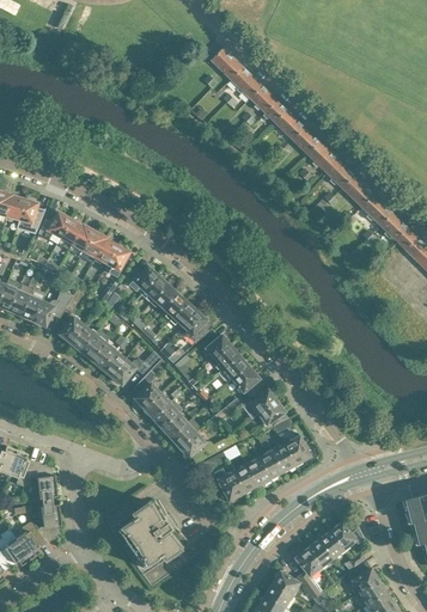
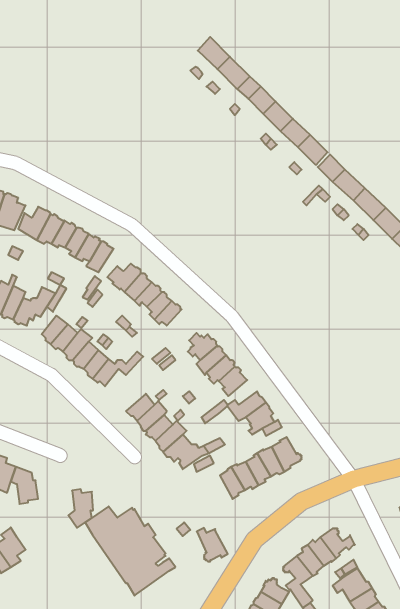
building: [182,311,211,344] -> none
building: [134,359,167,409] -> none
building: [215,469,245,501] -> [197,528,228,561]
building: [37,506,61,543] -> [68,489,93,528]

